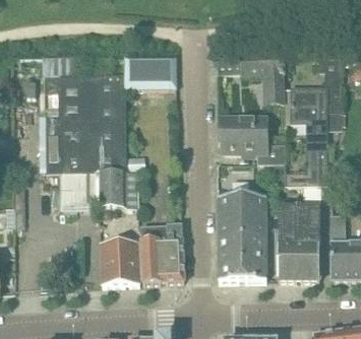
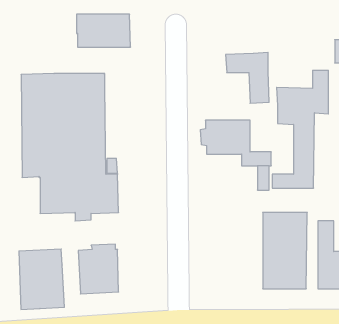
building: [125,56,177,87] -> [77,14,131,47]
building: [218,196,266,280] -> none
building: [140,225,184,283] -> [19,249,64,309]

